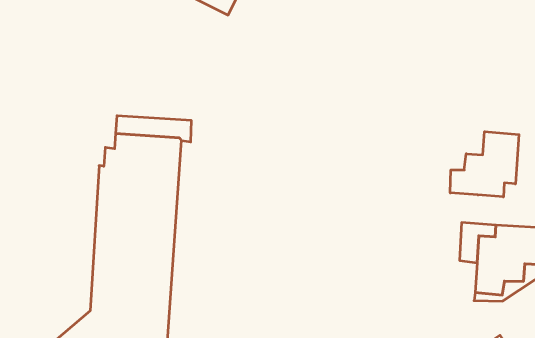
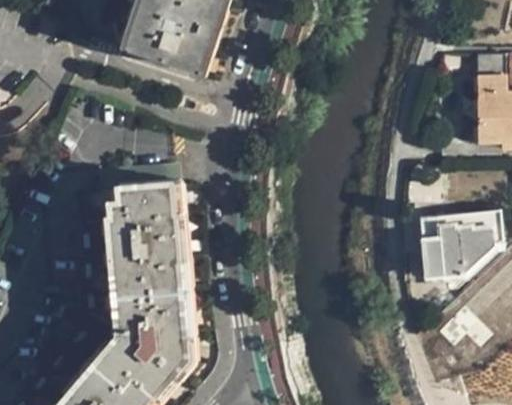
building: [450,132,519,197] -> none

